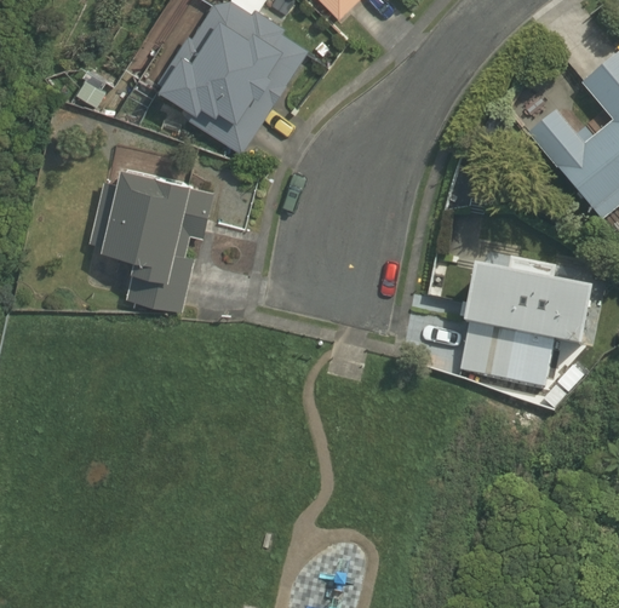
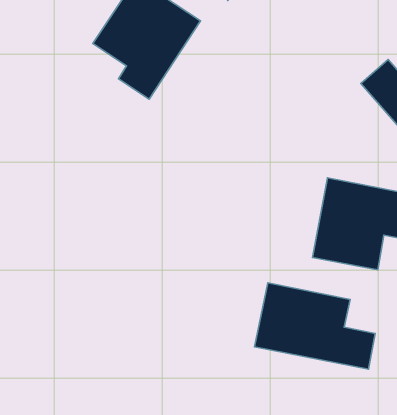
building: [90,161,202,312] -> none
building: none -> [255,283,375,369]

